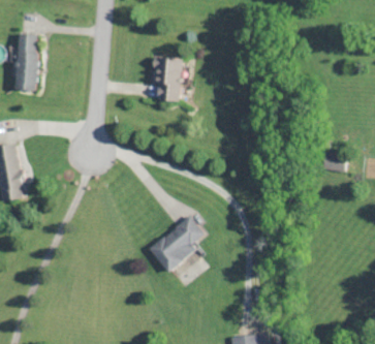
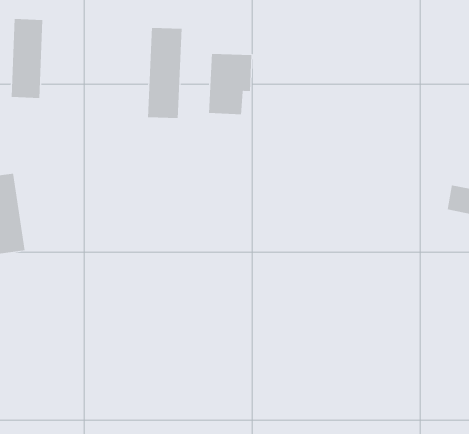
building: none -> [148,27,182,119]
building: [149,215,205,272] -> none

